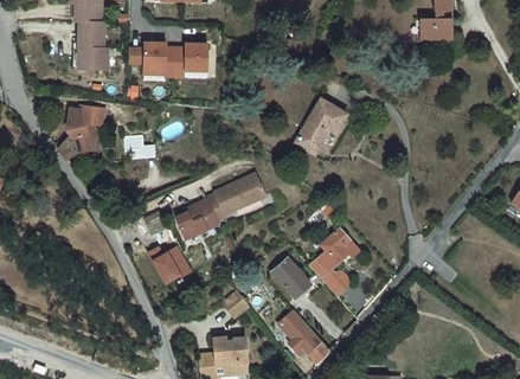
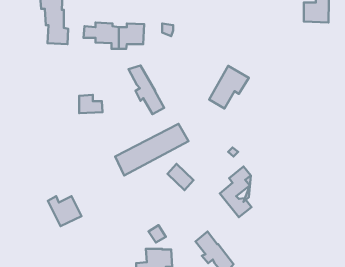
building: none -> [128,66,164,114]
building: [58,105,104,159] -> none
building: [147,246,191,285] -> [48,196,81,226]
building: [274,258,308,293] -> [167,164,194,190]

